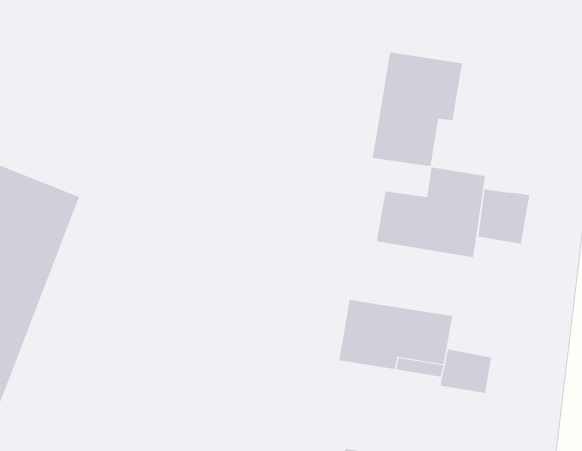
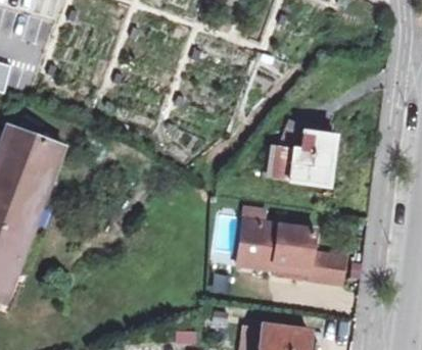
building: [372,51,463,167] -> none
building: [478,188,530,245] -> none

